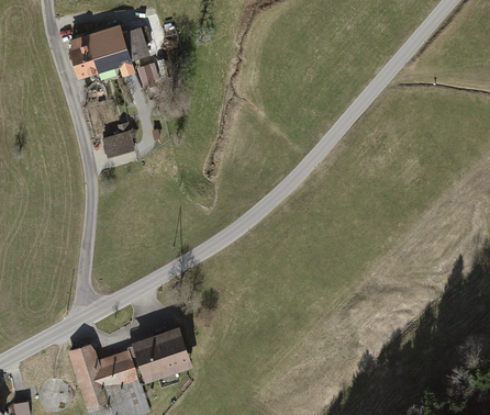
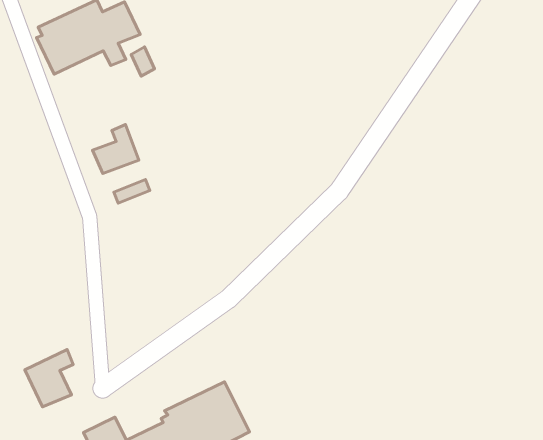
building: none -> [25,349,73,407]

